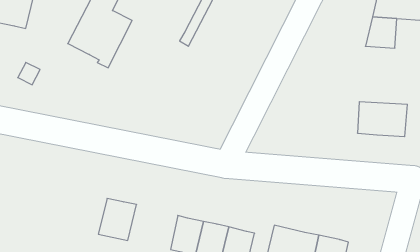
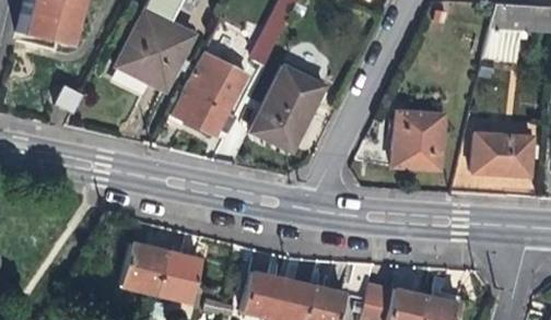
building: none -> [171,50,244,137]
building: none -> [251,64,327,152]
building: none -> [394,110,445,168]
building: none -> [120,241,166,294]

